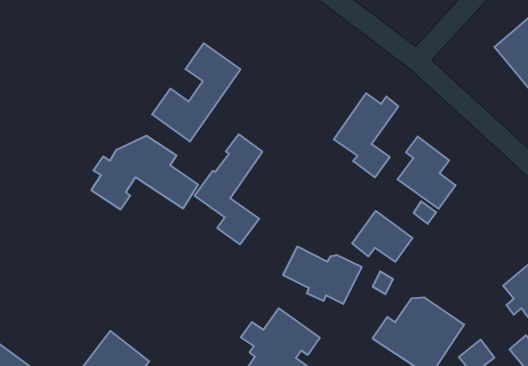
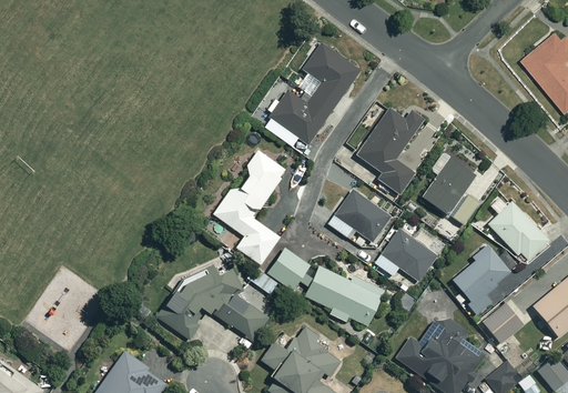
building: [152,43,240,142] -> [270,44,361,145]
building: [91,136,198,209] -> [160,264,270,340]
building: none -> [329,191,389,242]
building: none -> [487,195,548,262]
building: none -> [452,245,510,314]
building: none -> [266,246,308,289]
building: none -> [481,303,523,344]

